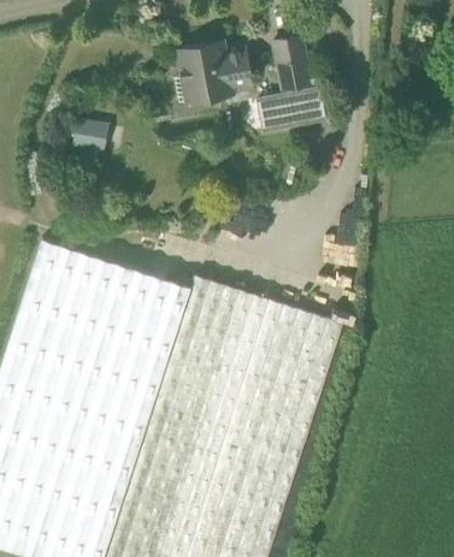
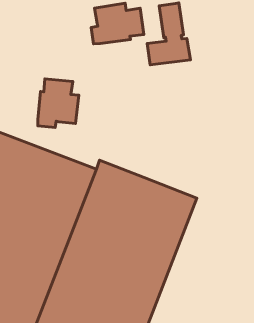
building: [70,119,105,148] -> none
building: none -> [38,79,79,127]

